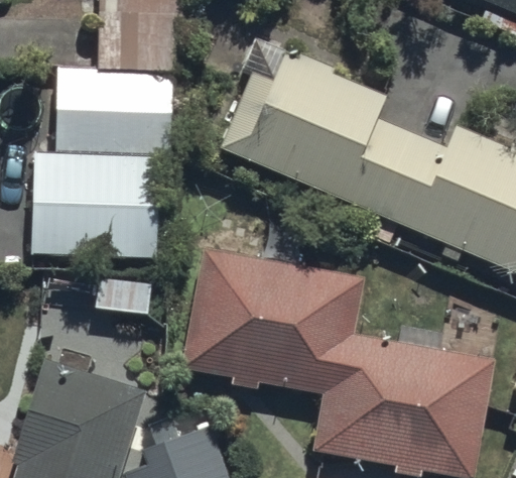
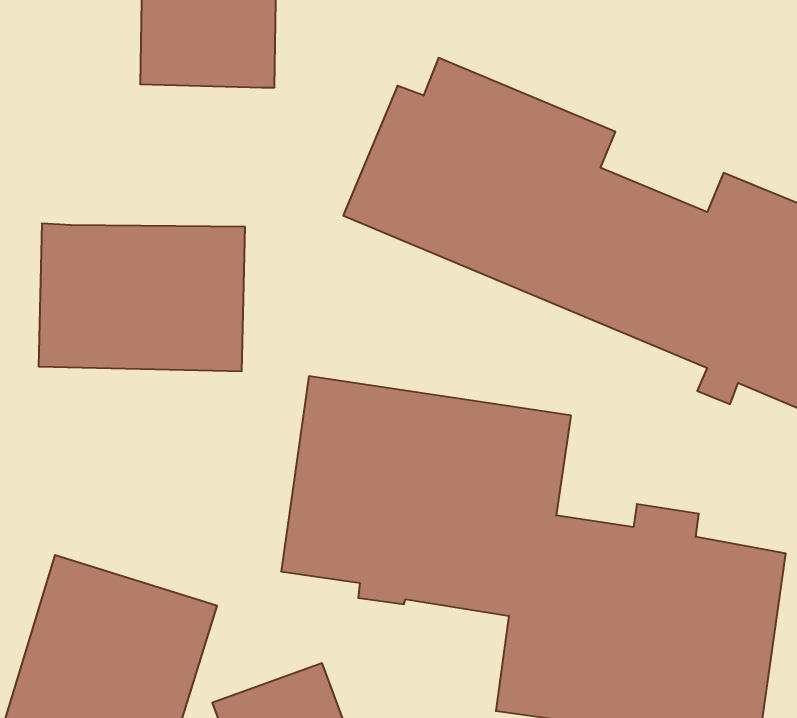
building: [54,74,171,156] -> none

